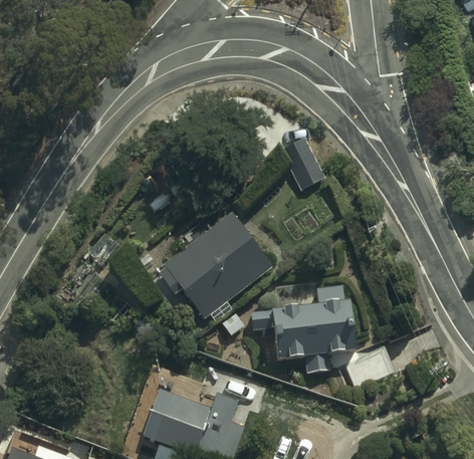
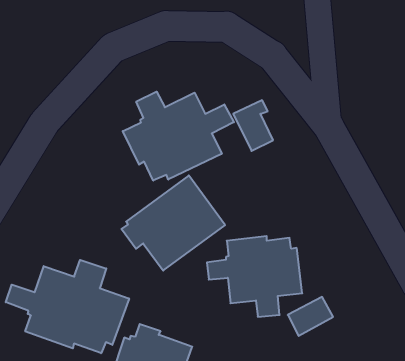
building: none -> [123,92,234,181]
building: none -> [6,260,129,353]

